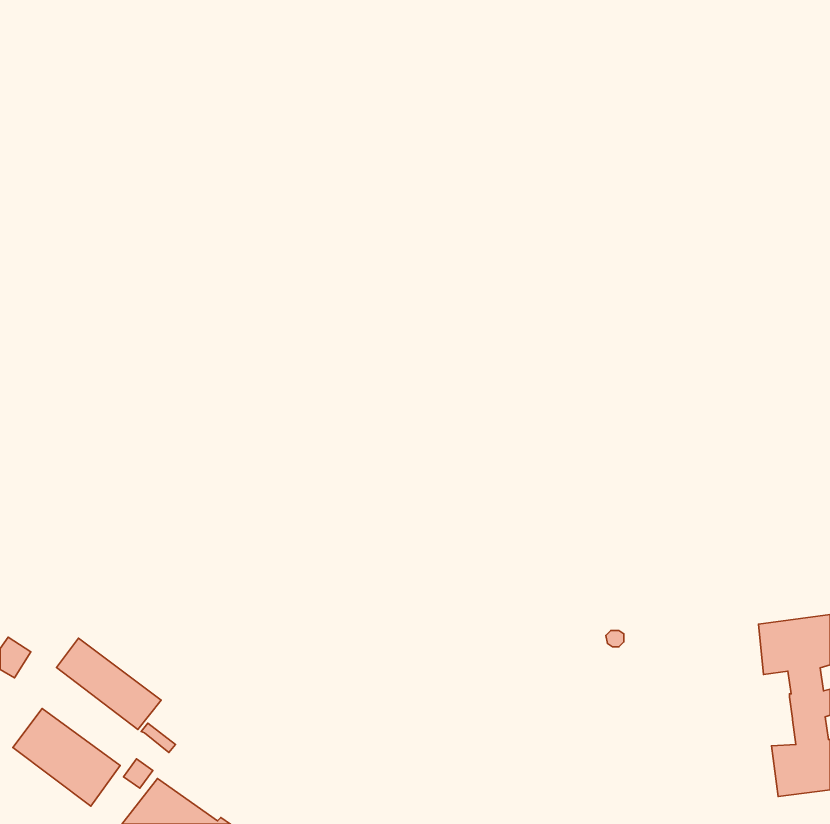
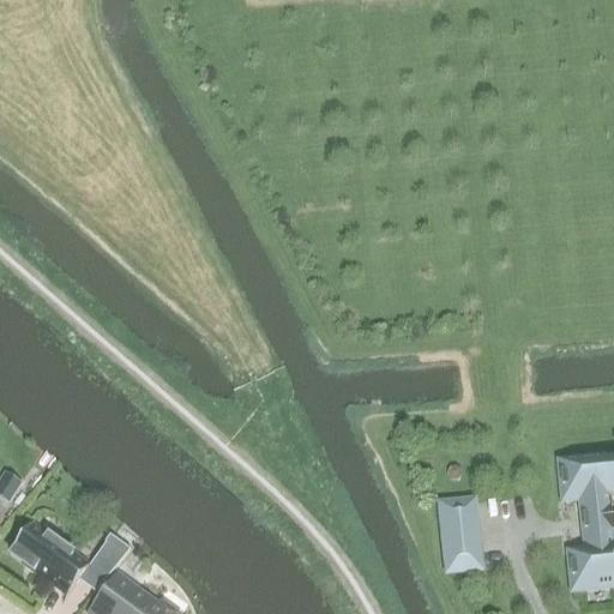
building: [56,638,161,730] -> none
building: none -> [441,500,480,570]

